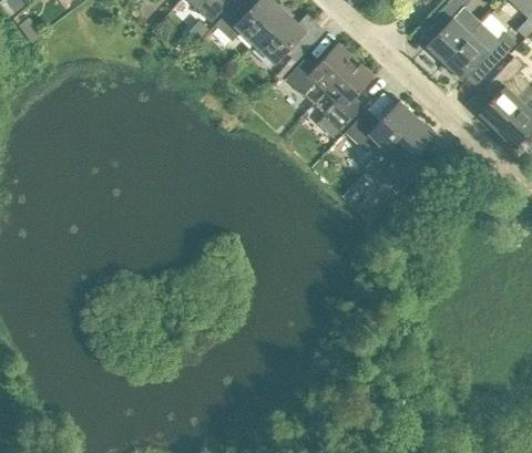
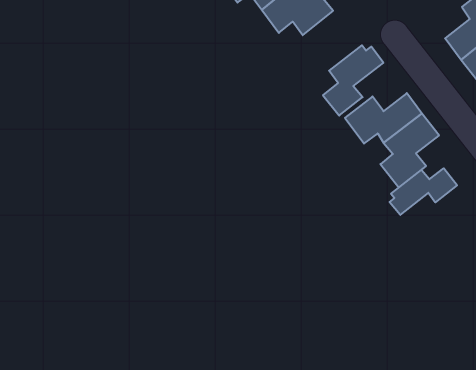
building: [285,43,351,95] -> none
building: none -> [390,168,457,215]

